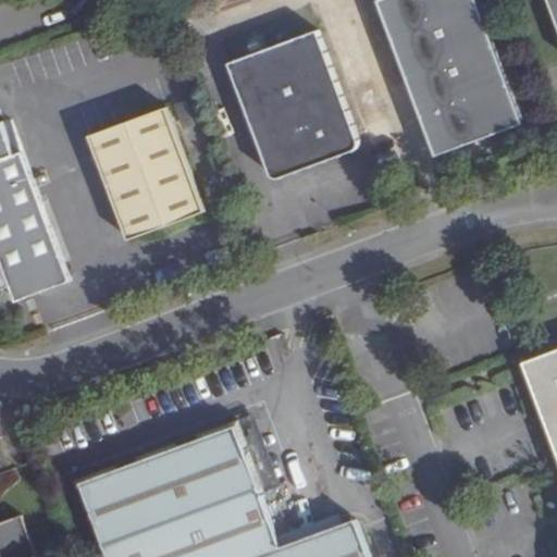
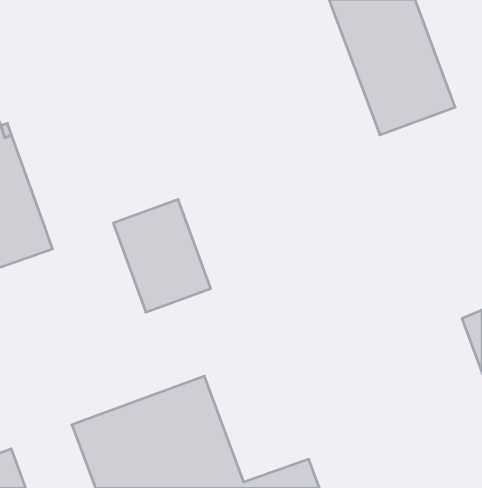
building: [225,32,357,181] -> none
building: [88,115,199,244] -> [113,199,211,312]

